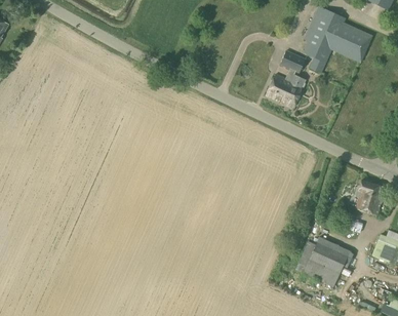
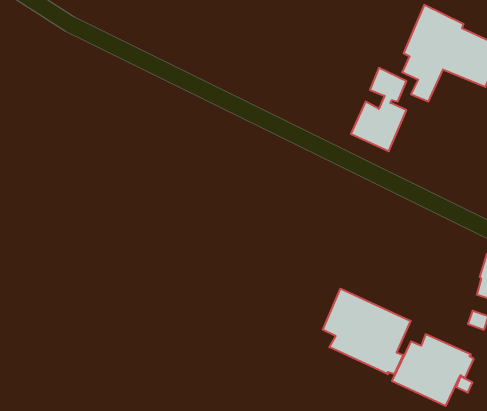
building: none -> [323,289,411,374]

